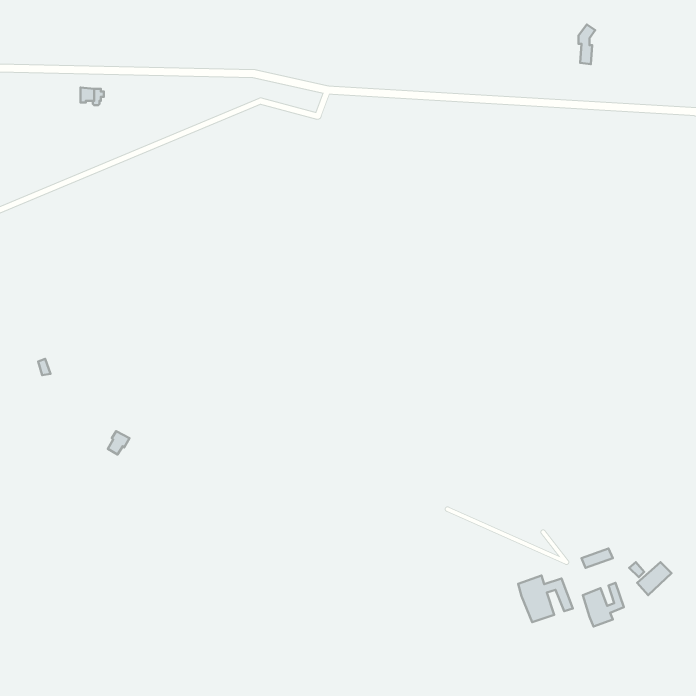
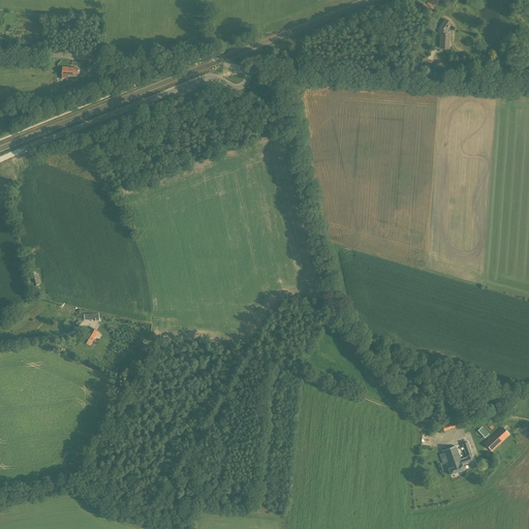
building: [518,575,573,622] -> none

